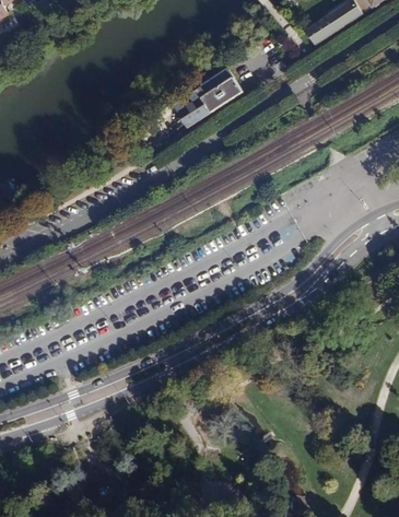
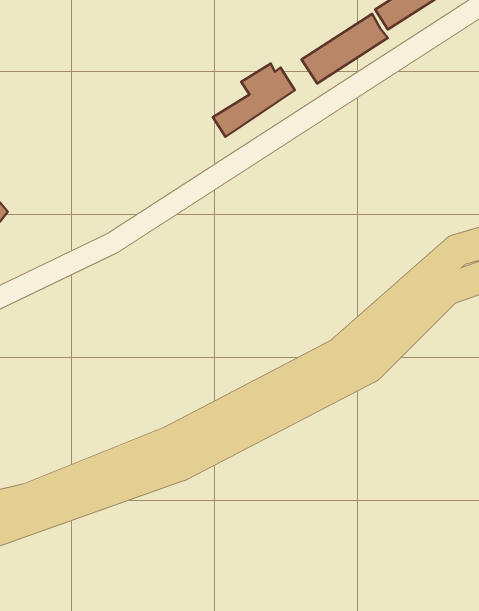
building: none -> [302,14,388,83]

